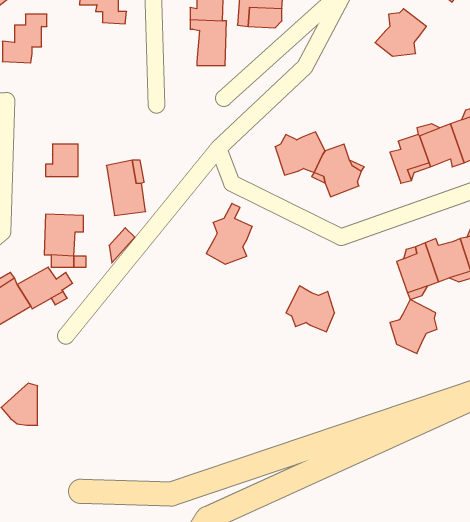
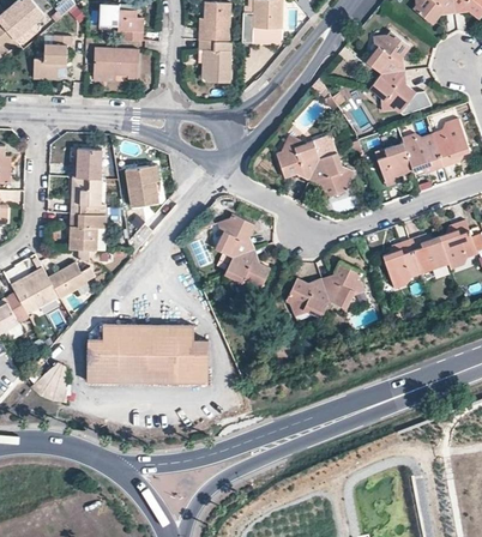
building: none -> [94,48,139,79]
building: none -> [367,70,430,115]
building: none -> [71,179,104,213]
building: none -> [223,249,270,291]
building: [390,299,437,354] -> [321,260,363,308]
building: none -> [88,324,209,384]

